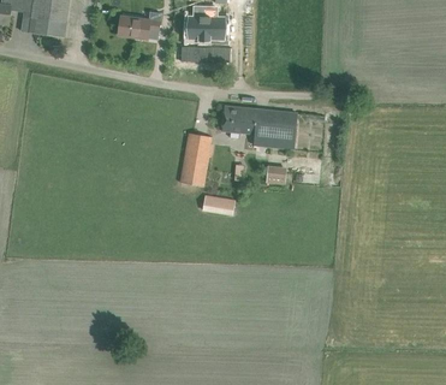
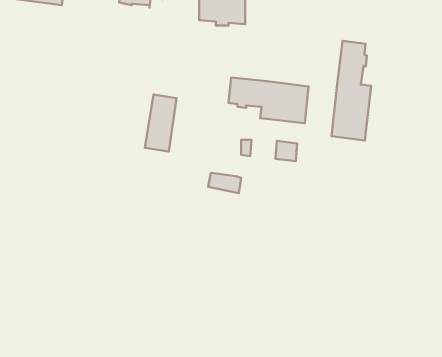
building: none -> [332,41,371,140]
building: [179,131,209,185] -> [145,94,177,152]

